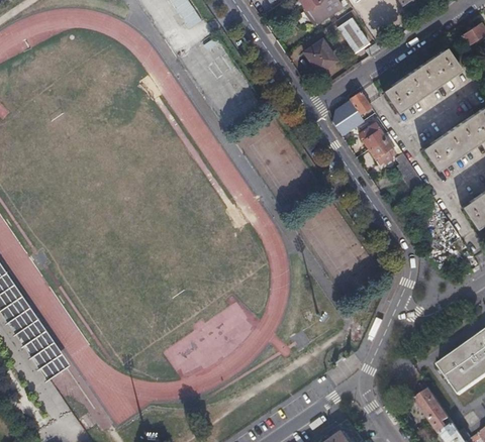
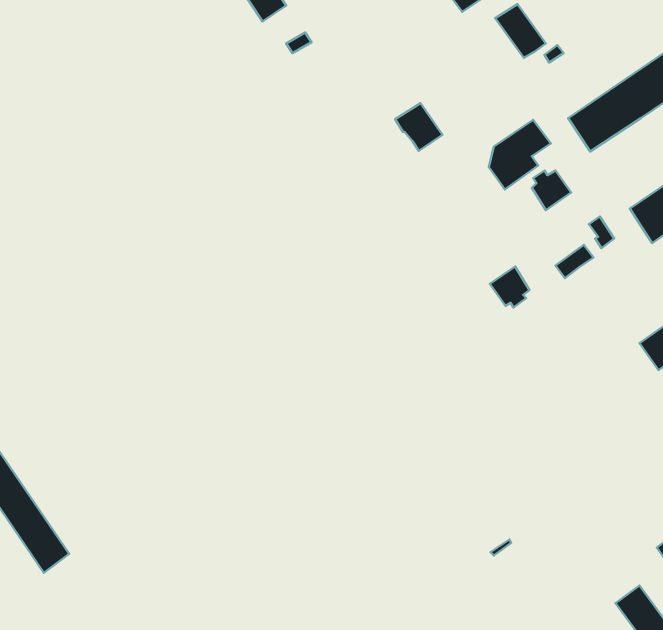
building: [305,40,335,71] -> [395,103,443,151]
building: [370,138,395,164] -> [490,266,529,308]

